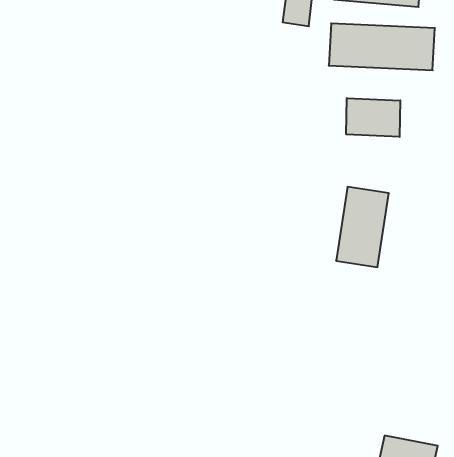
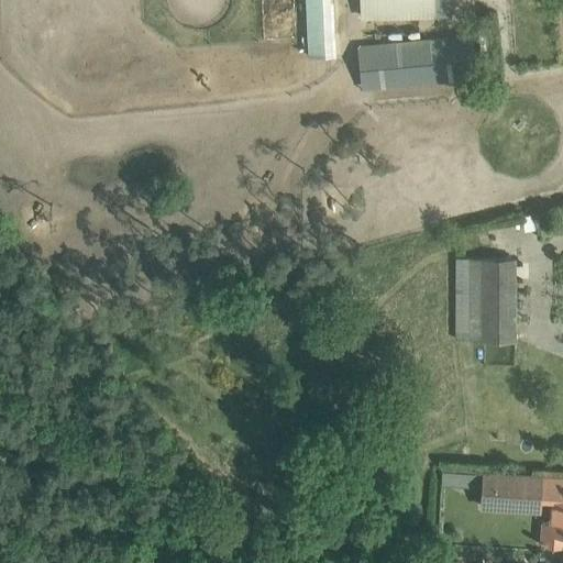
building: [346,98,400,137] -> none
building: [336,187,389,267] -> [467,261,512,341]

